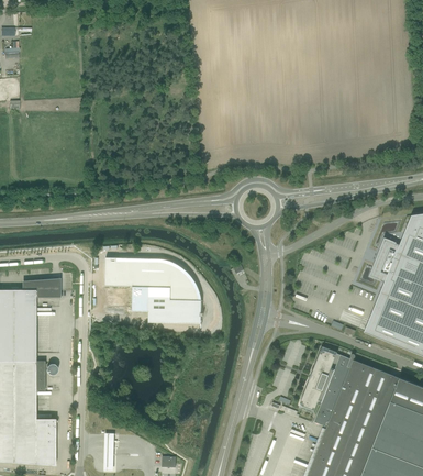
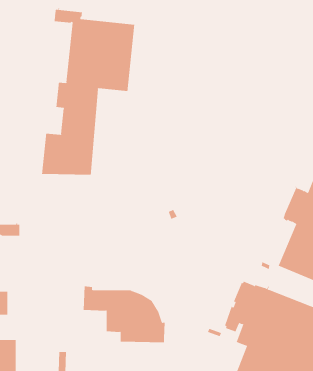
building: none -> [41,7,135,176]
building: [104,256,202,328] -> [83,286,165,346]

